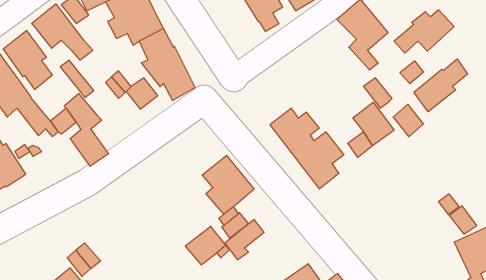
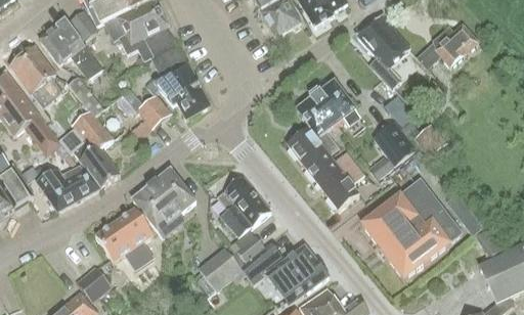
building: [414,59,468,112] -> none
building: none -> [296,79,360,136]
building: none -> [36,164,99,210]
building: none -> [132,168,195,236]
building: none -> [360,178,461,278]
building: none -> [94,208,156,271]
building: none -> [266,244,328,299]

